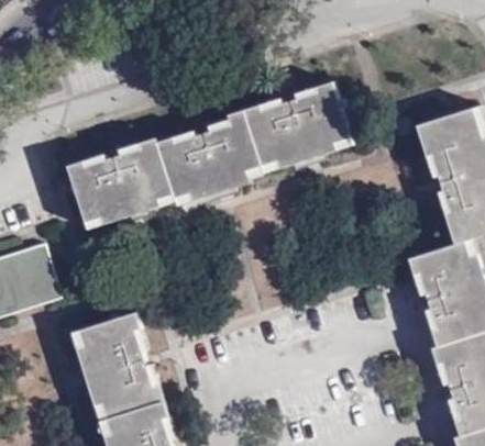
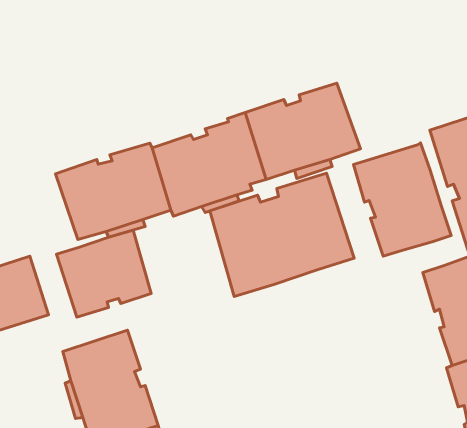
building: none -> [353,143,451,256]
building: none -> [210,173,354,296]
building: none -> [56,230,151,317]

